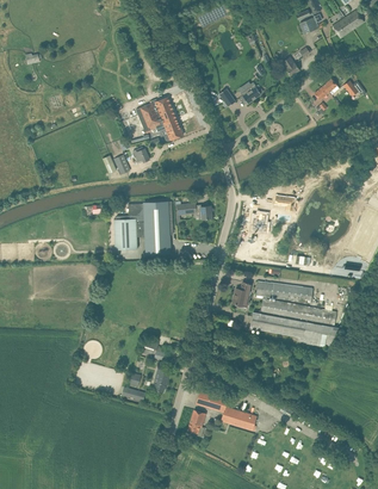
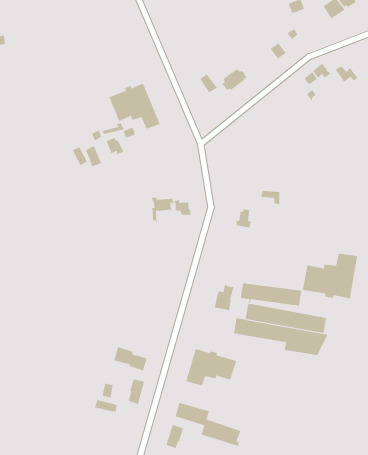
building: [112,202,173,254] -> none
building: none -> [302,253,358,299]
building: none -> [185,348,237,386]

